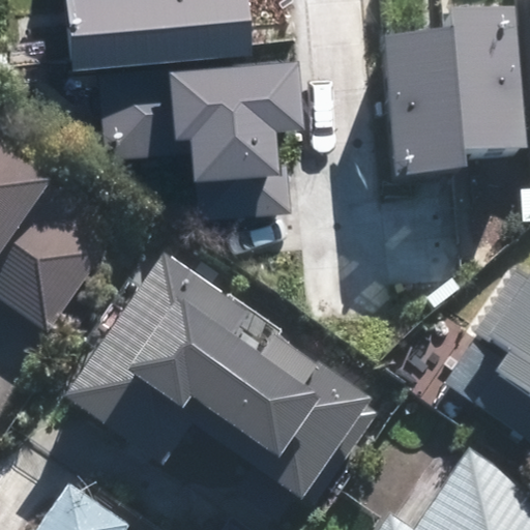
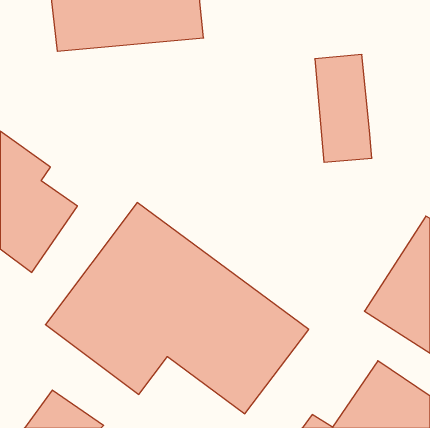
building: [442,23,517,160] -> none
building: [166,52,303,215] -> none

